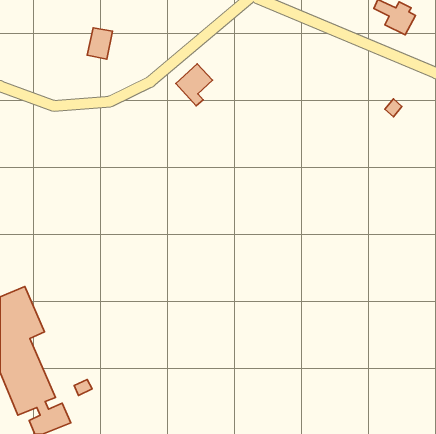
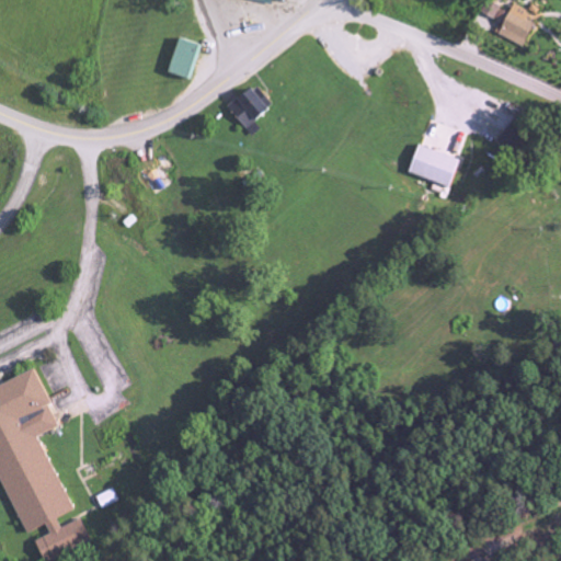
building: [87,28,113,59] -> [167,37,199,78]
building: none -> [407,145,456,185]

